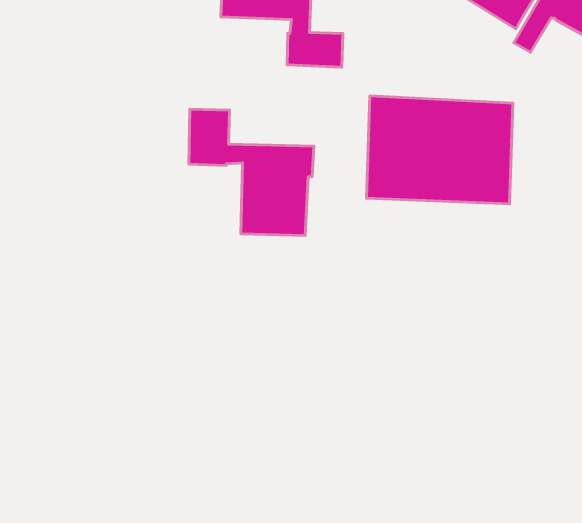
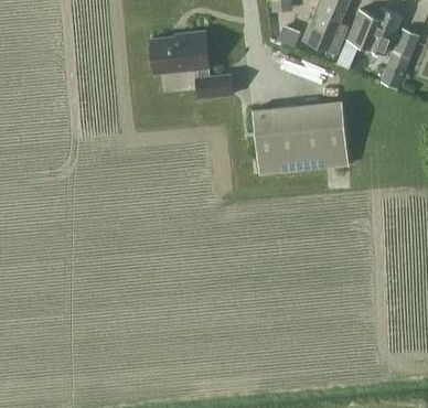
building: [189,109,314,235] -> none

